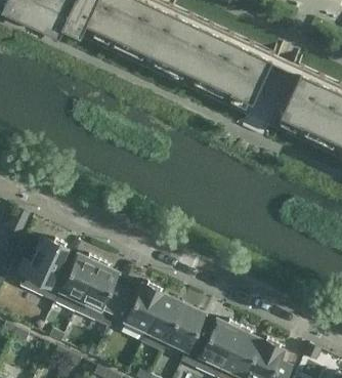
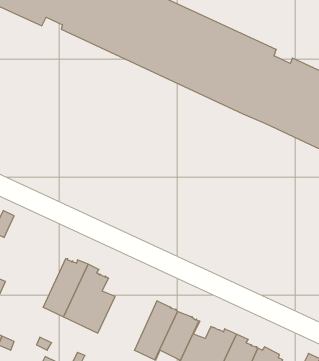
building: [20,239,79,301] -> none
building: [110,284,166,342] -> none

